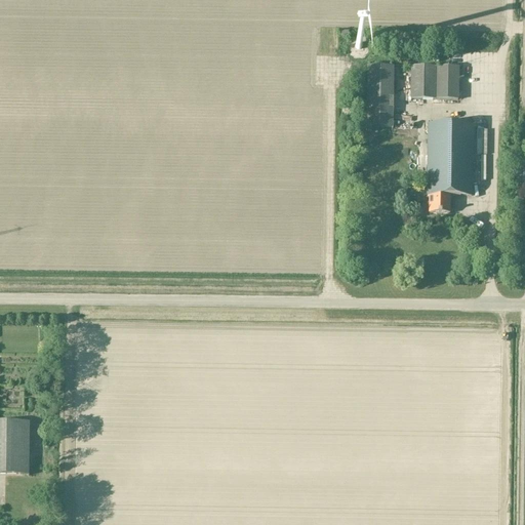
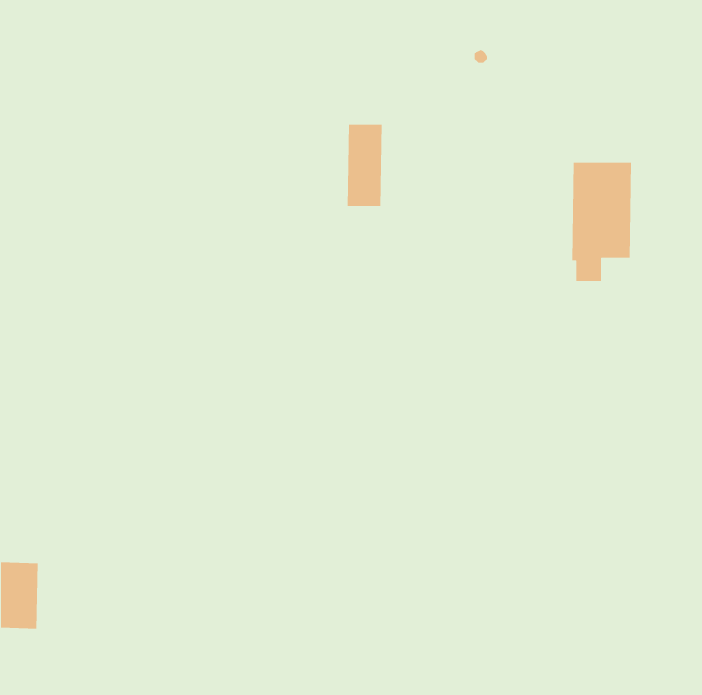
building: [366,63,393,124] -> [347,124,382,206]
building: [410,63,458,96] -> none

